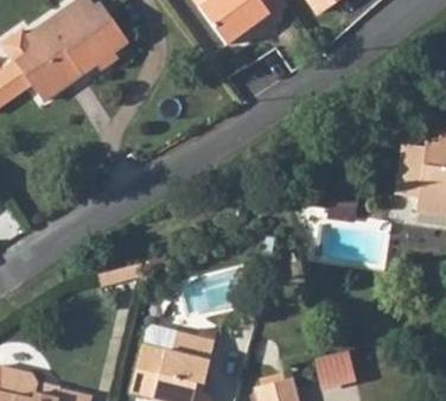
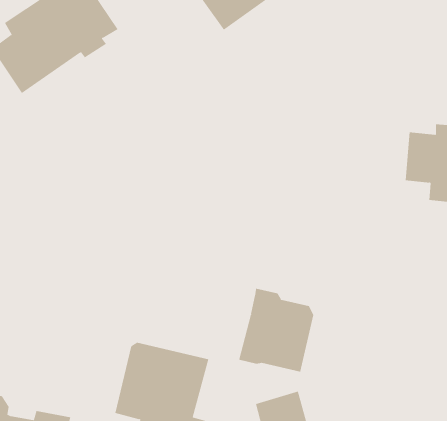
building: none -> [238,288,314,373]
building: [318,346,358,384] -> none

